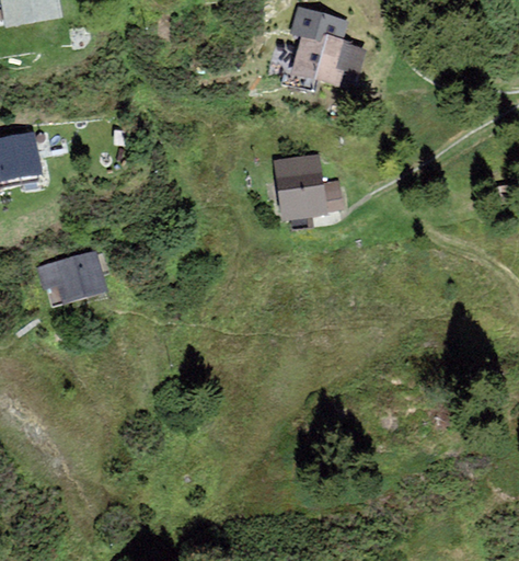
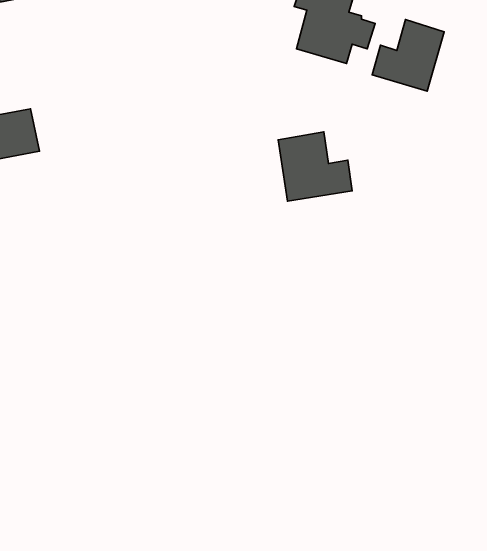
building: none -> [372,20,444,91]
building: [37,251,107,308] -> none

